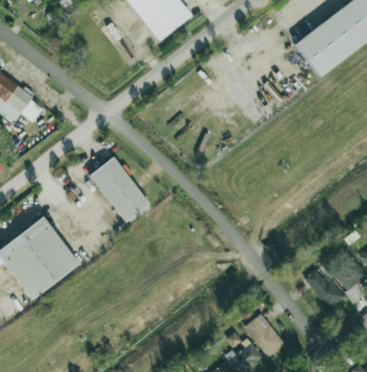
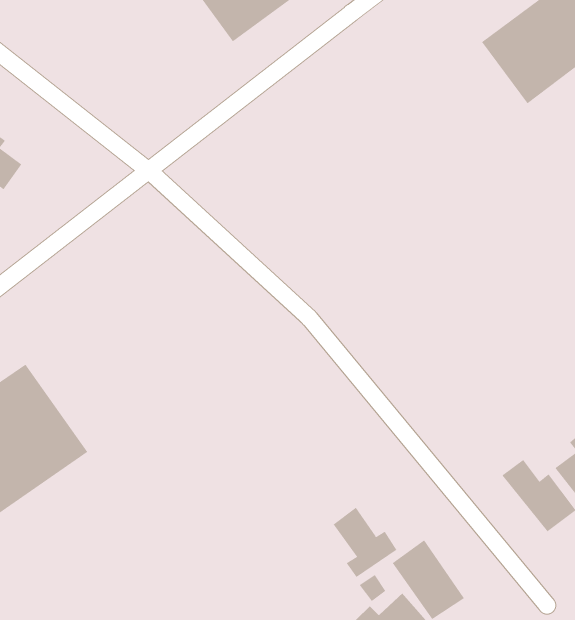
building: [90,156,149,222] -> none
building: none -> [333,507,397,578]

